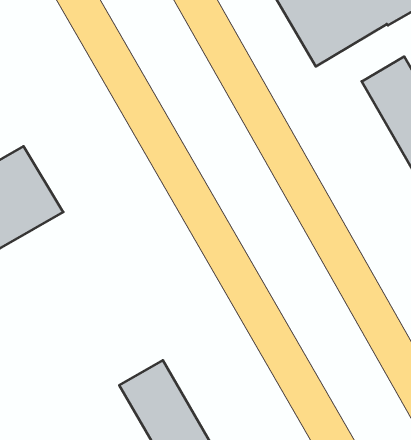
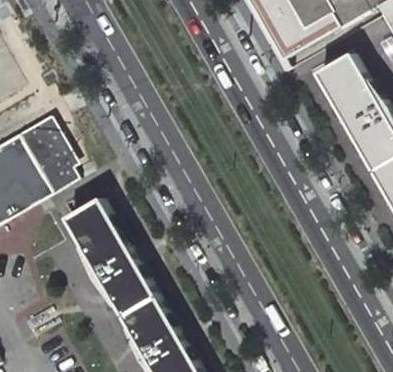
building: none -> [65,197,156,316]

